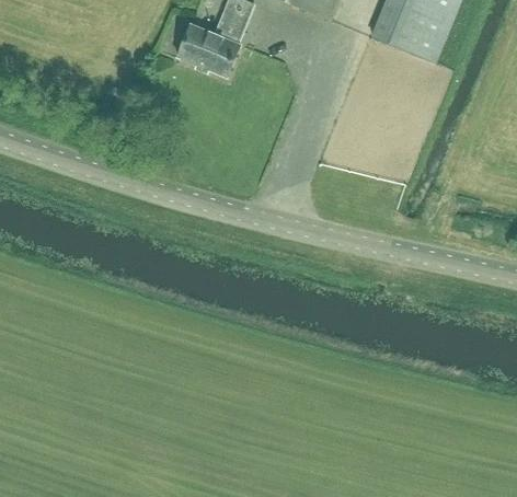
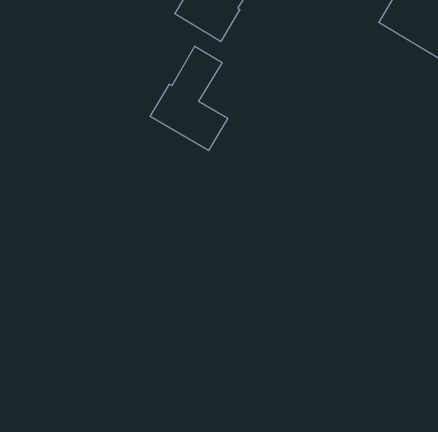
building: none -> [150,46,228,151]

